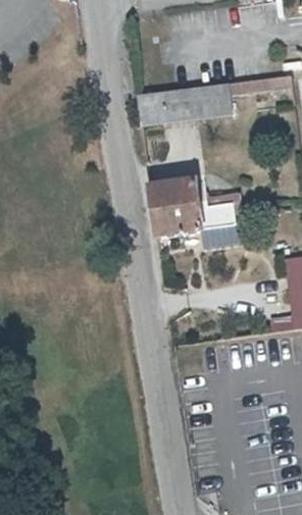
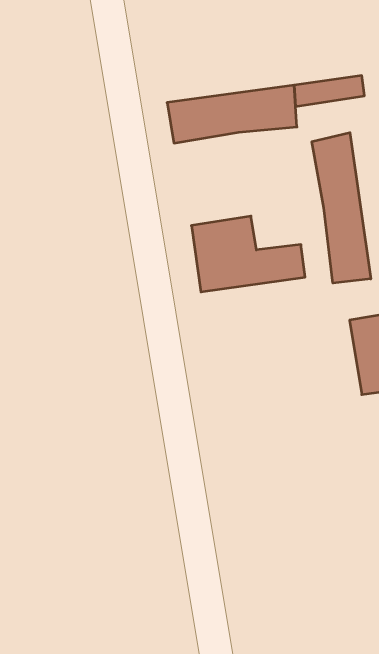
building: none -> [312,133,371,283]

